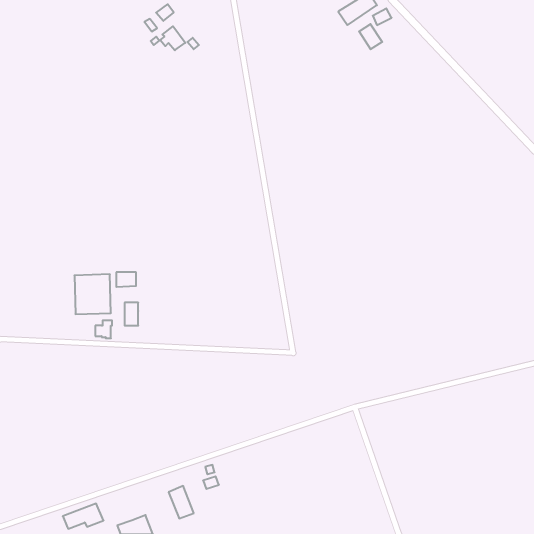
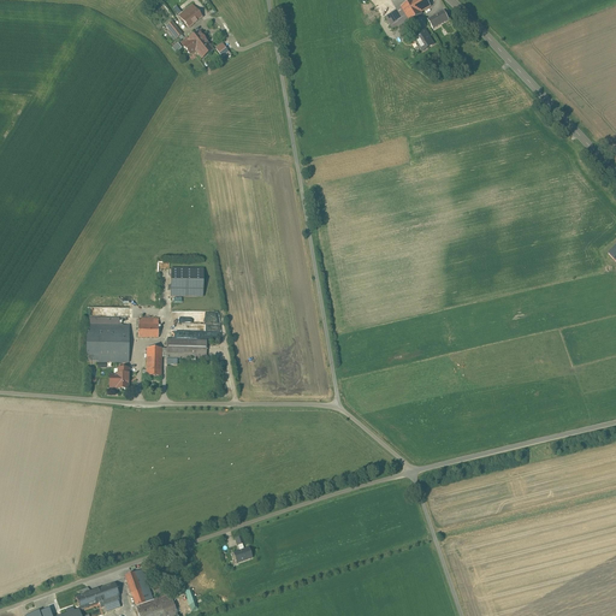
building: none -> [172,272,203,298]
building: none -> [167,334,207,357]
building: [169,486,194,518] -> [124,567,153,604]

